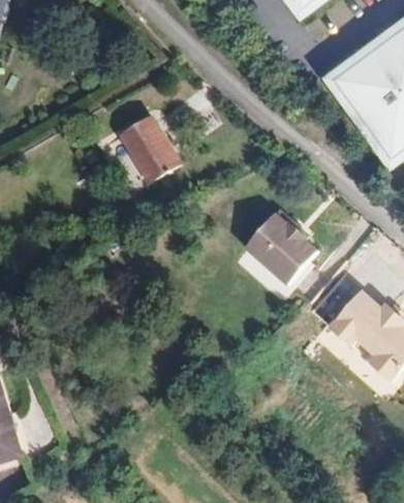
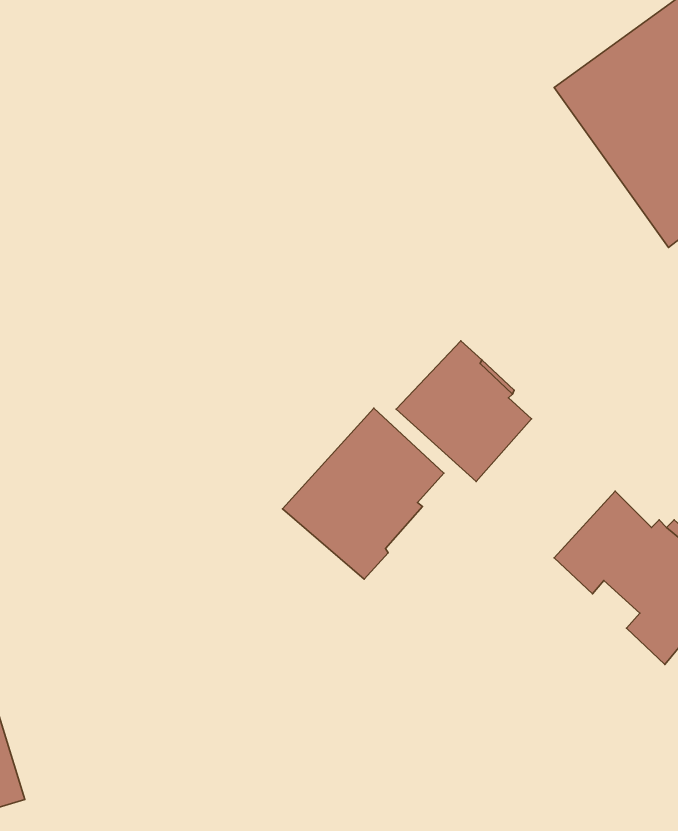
building: [128,111,187,179] -> none
building: none -> [283,408,444,579]

